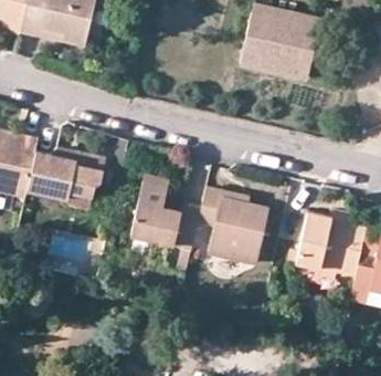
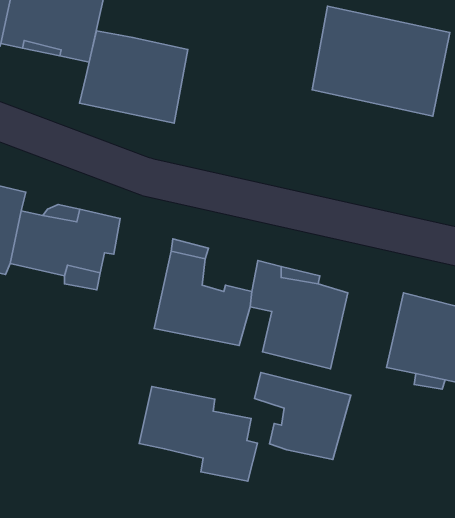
building: none -> [79,31,188,123]
building: none -> [254,372,351,459]
building: none -> [139,387,257,481]

